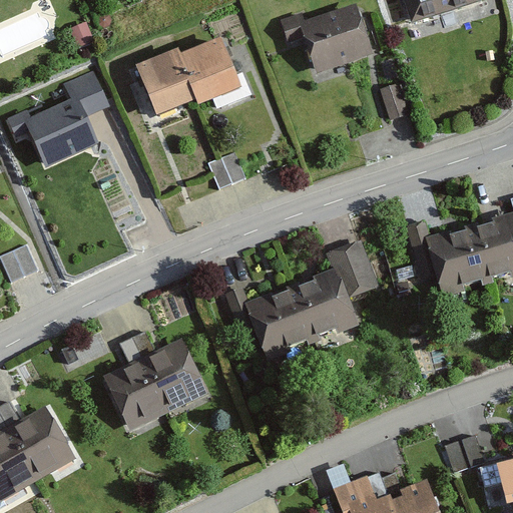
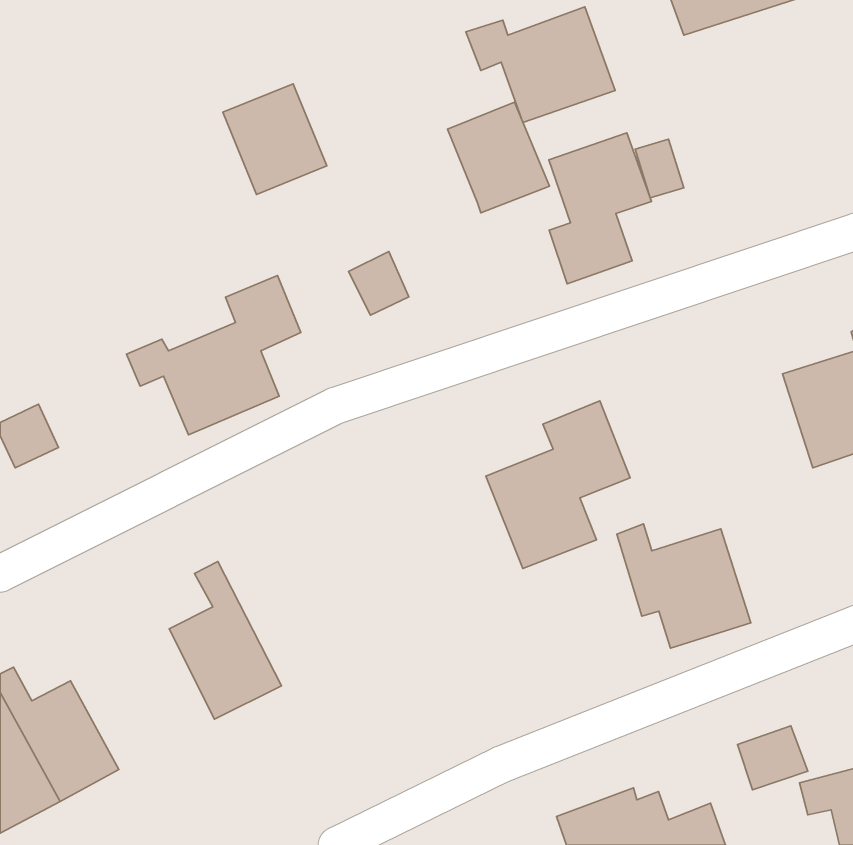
building: [179,39,240,105] -> [447,102,550,213]
building: [6,71,110,166] -> [127,276,301,435]
building: none -> [549,133,651,284]
building: [408,220,488,295] -> [617,524,751,648]
building: [227,285,315,359] -> none
building: [132,329,207,410] -> none

